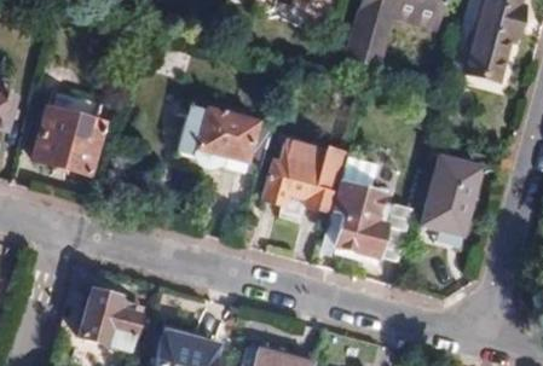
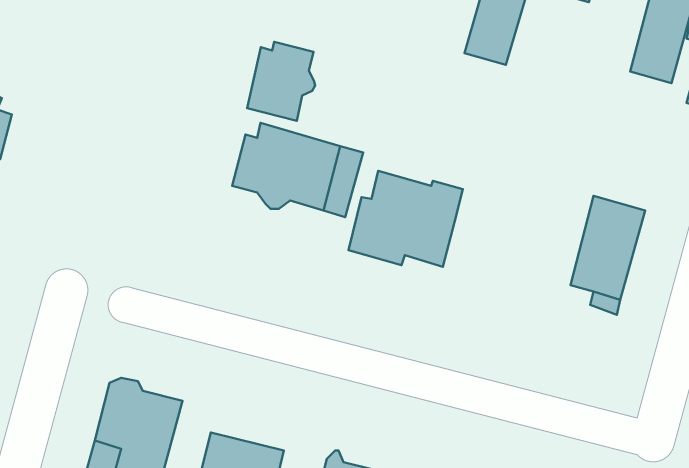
building: none -> [247,42,315,121]
building: [34,106,105,173] -> none
building: [333,176,389,255] -> none

